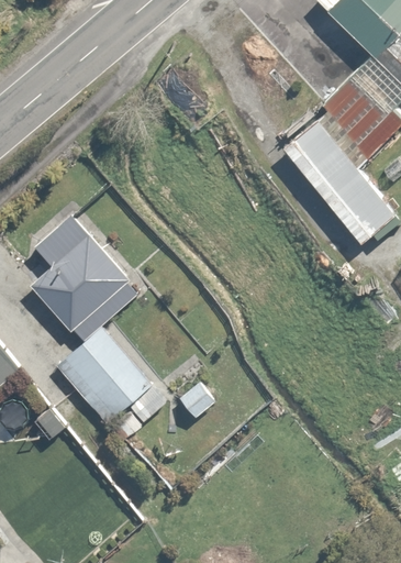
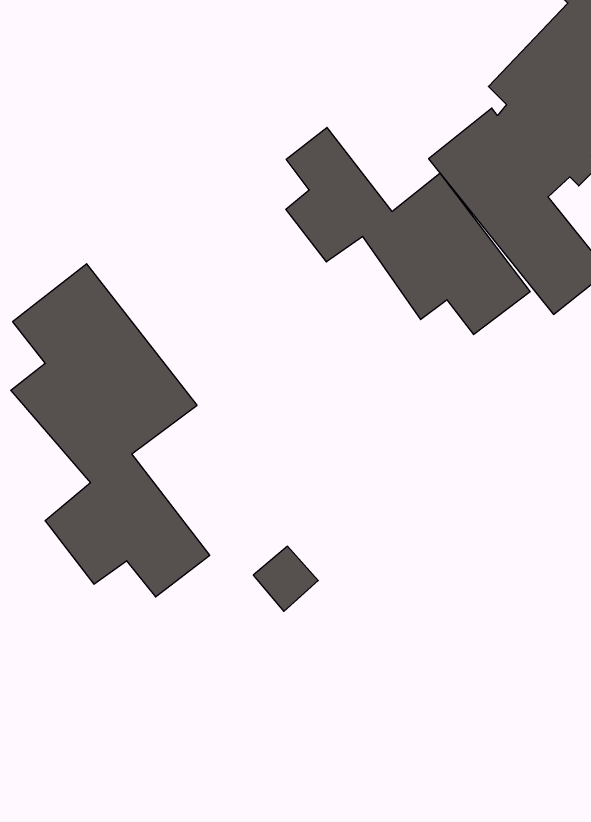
building: none -> [286,127,530,335]

